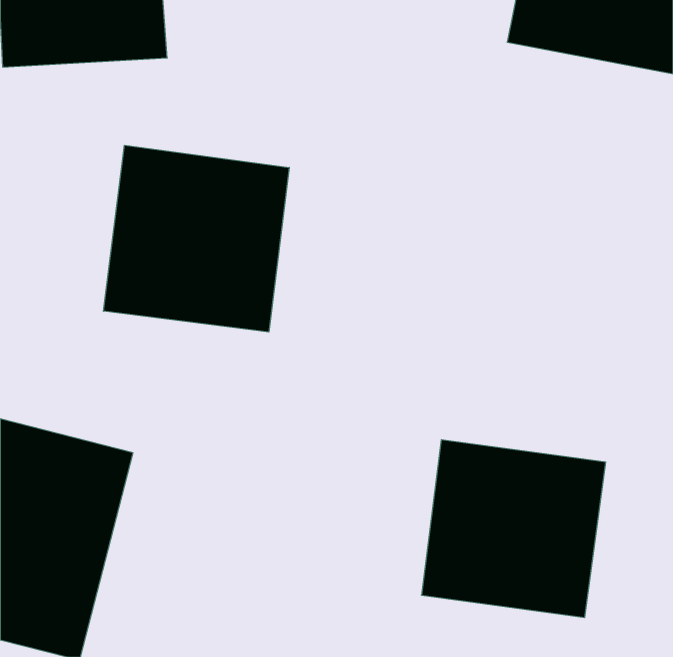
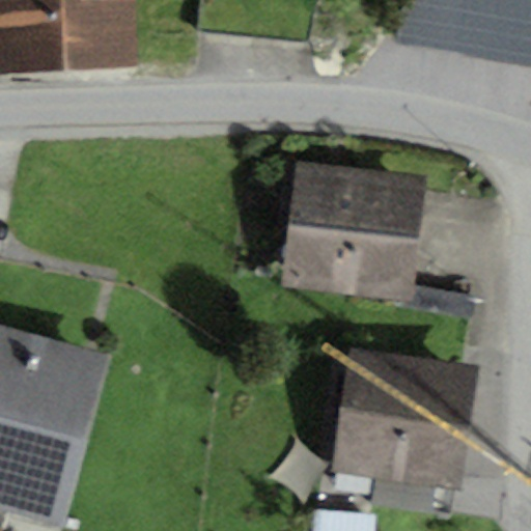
building: [104,145,289,332] -> none
building: none -> [277,168,423,294]

